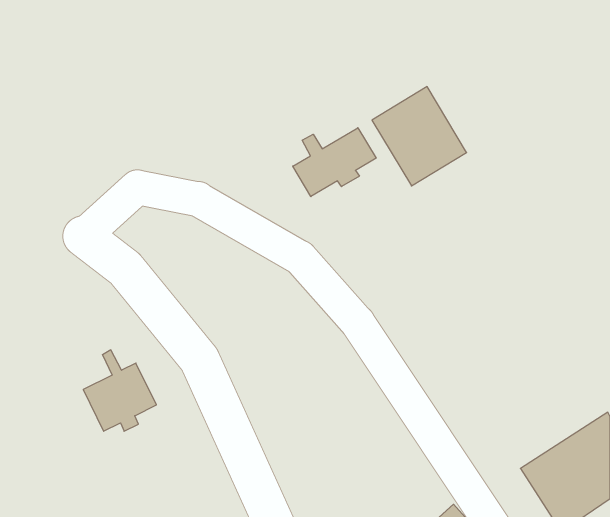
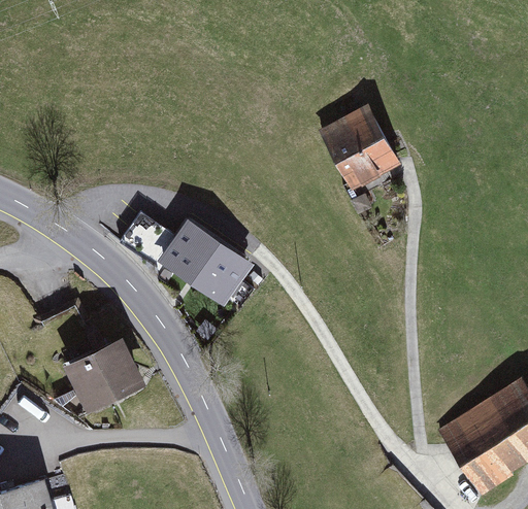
building: [293,128,376,197] -> none
building: none -> [121,213,248,300]

